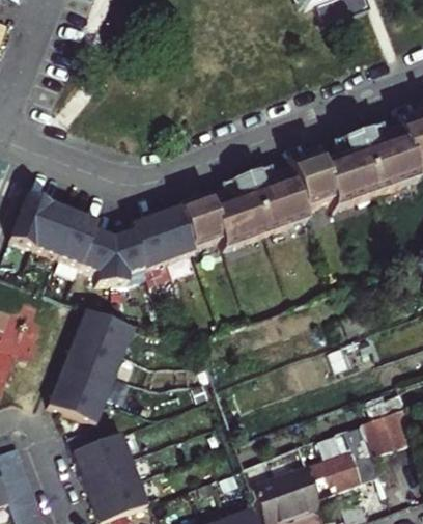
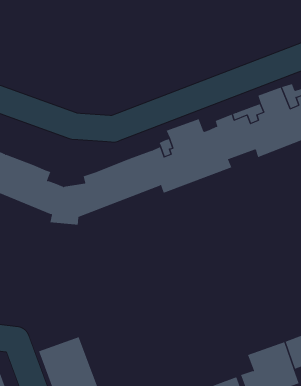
building: [38,311,125,425] -> none

